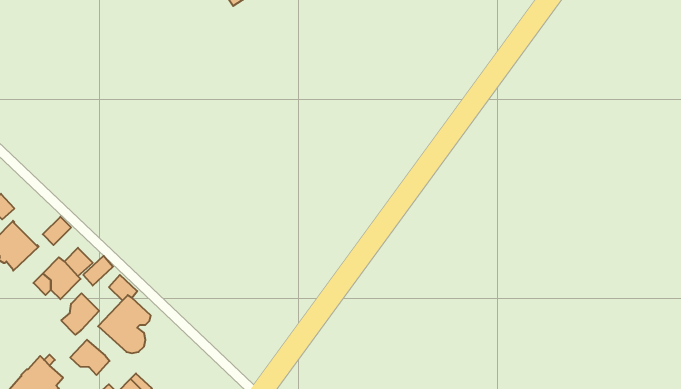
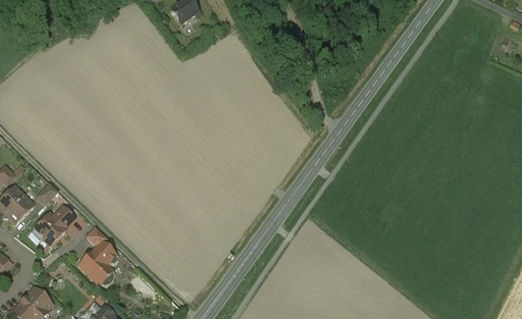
building: [61,293,99,335] -> none
building: [70,340,110,375] -> none

